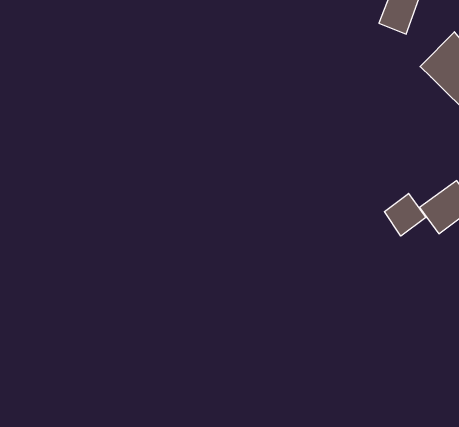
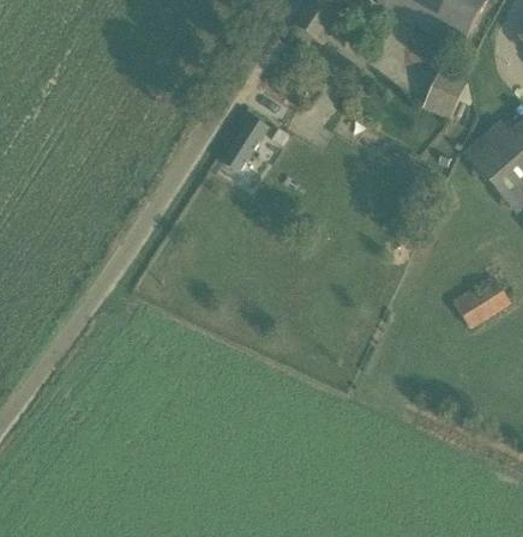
building: none -> [223,113,269,168]
building: [384,193,426,236] -> none

